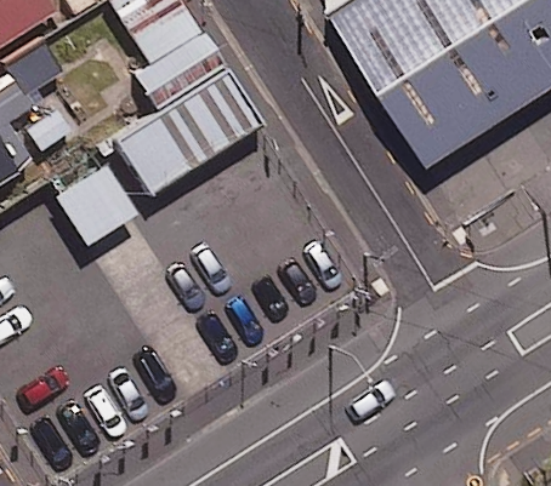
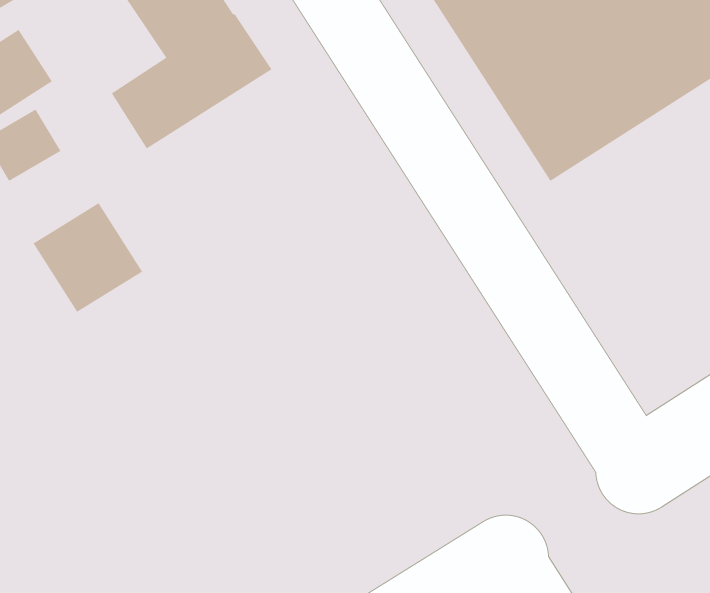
building: [119,75,261,198] -> none

